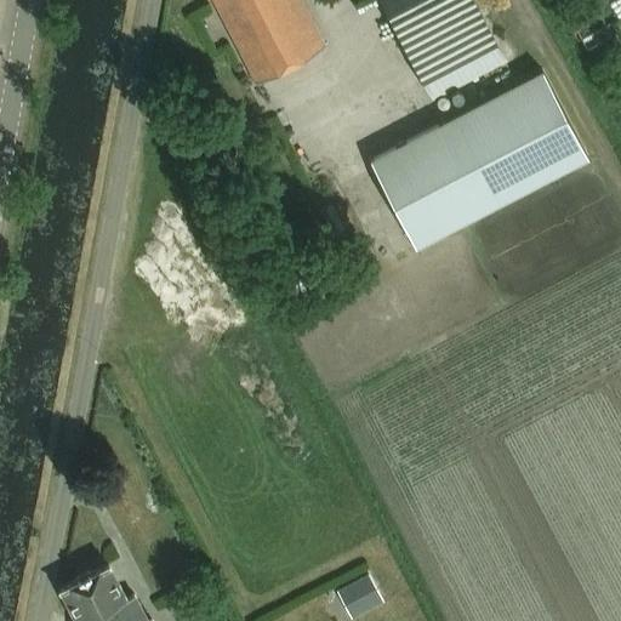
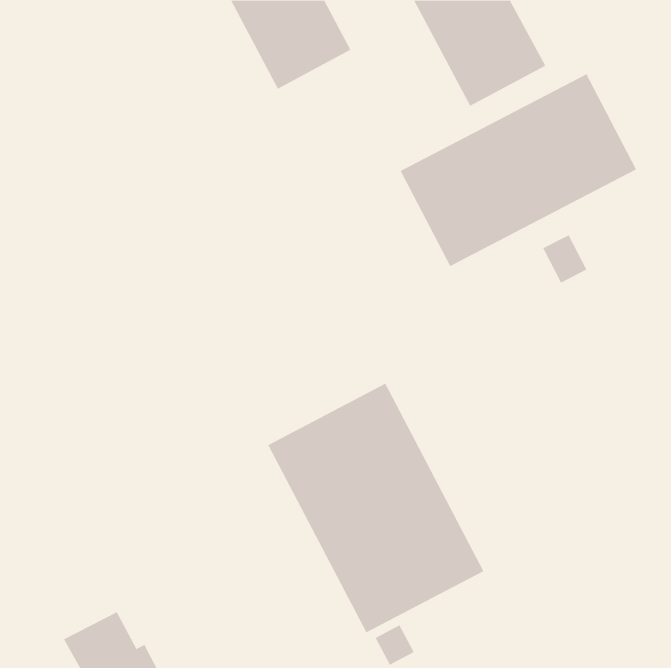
building: none -> [542,234,587,283]
building: none -> [268,383,484,633]

